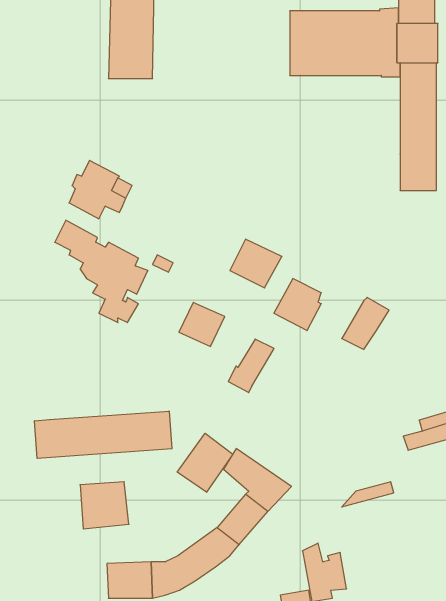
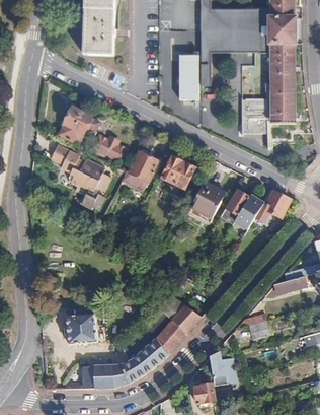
building: none -> [178,53,198,97]
building: none -> [248,101,272,136]
building: none -> [92,135,126,161]
building: none -> [256,190,291,220]
building: [179,302,225,346] -> [129,151,158,180]
building: [228,339,274,393] -> [219,190,248,224]
building: [35,411,172,458] -> none
building: [177,433,233,492] -> none

